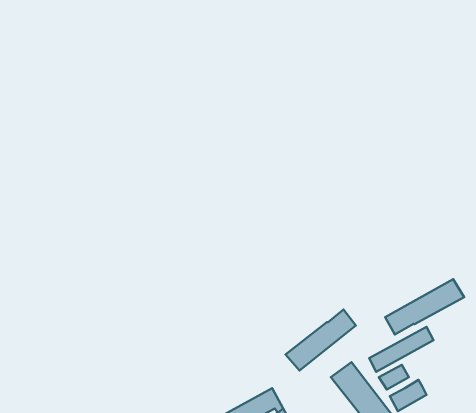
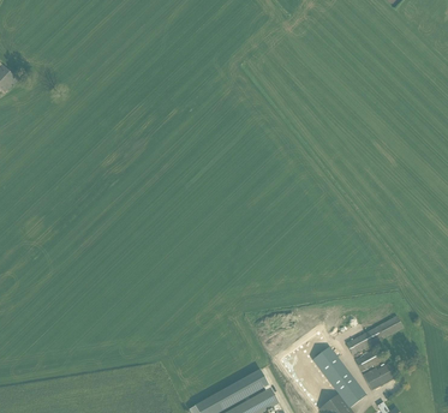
building: [385,279,464,335] -> none
building: [286,309,356,371] -> none

